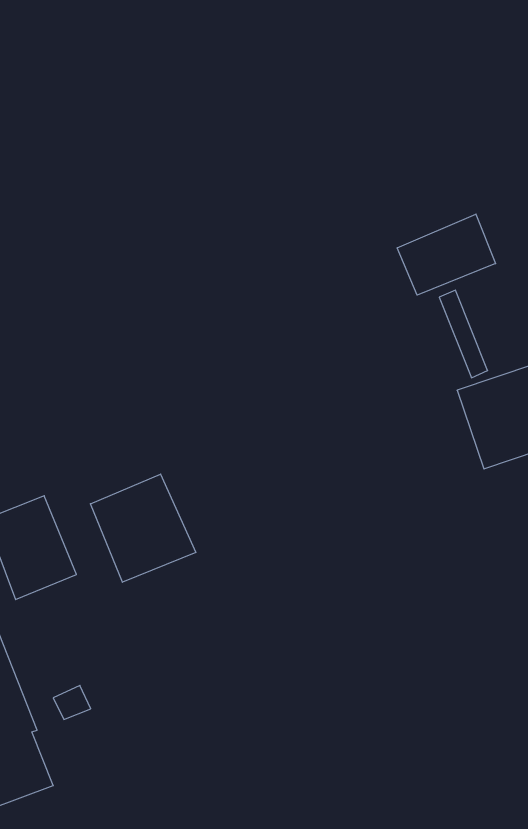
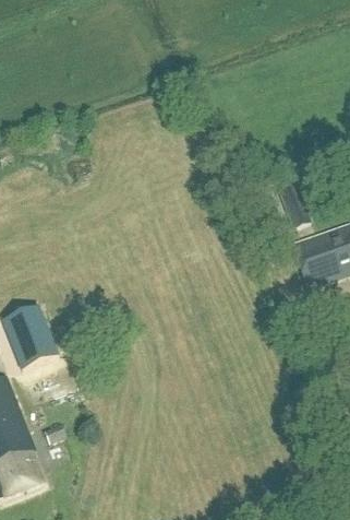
building: [397,214,496,295] -> none
building: [90,474,196,582] -> none

